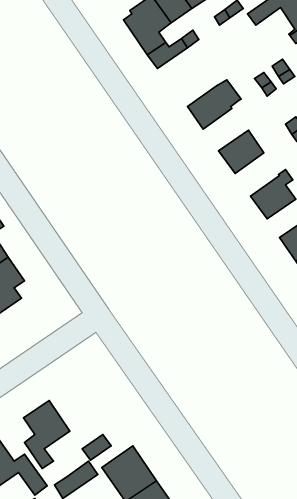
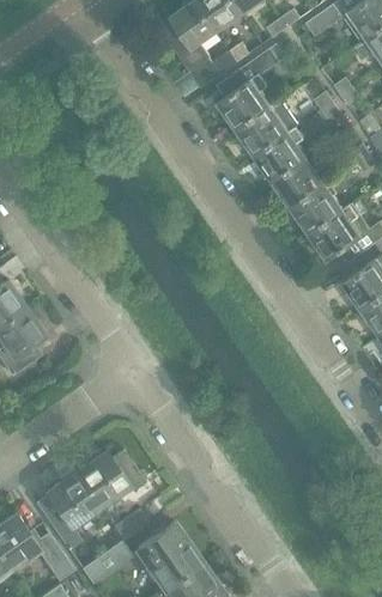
building: none -> [216,42,286,130]
building: none -> [253,123,305,182]
building: none -> [290,184,341,234]
building: none -> [74,447,144,507]

